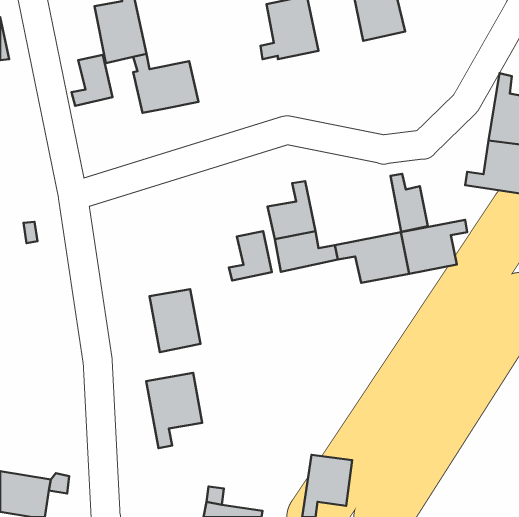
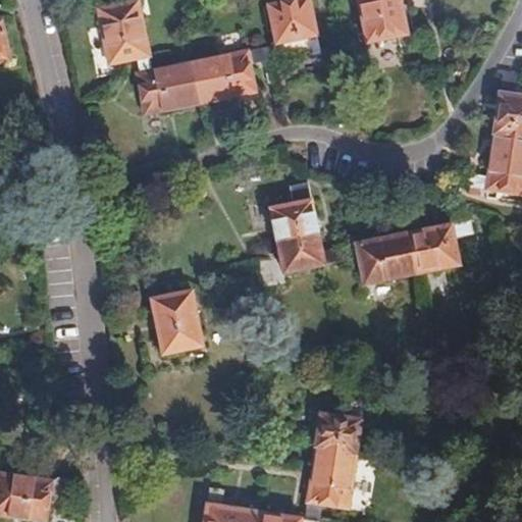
building: none -> [191,46,264,102]
building: [71,55,113,106] -> none
building: [390,174,428,232] -> none
building: [229,231,272,281] -> none
building: [146,373,202,448] -> none
building: none -> [313,400,363,461]

